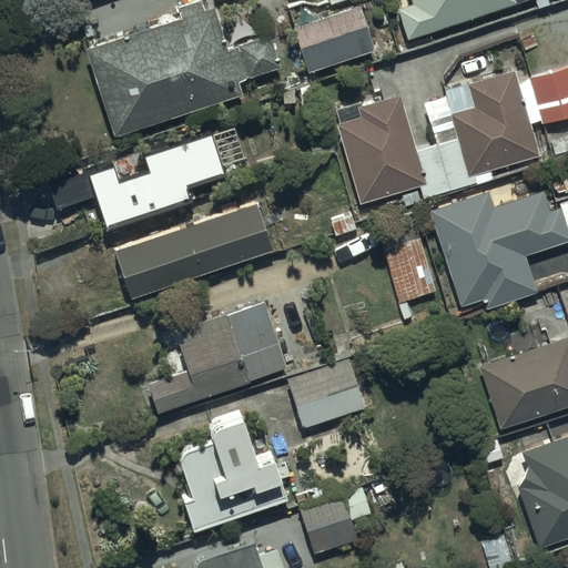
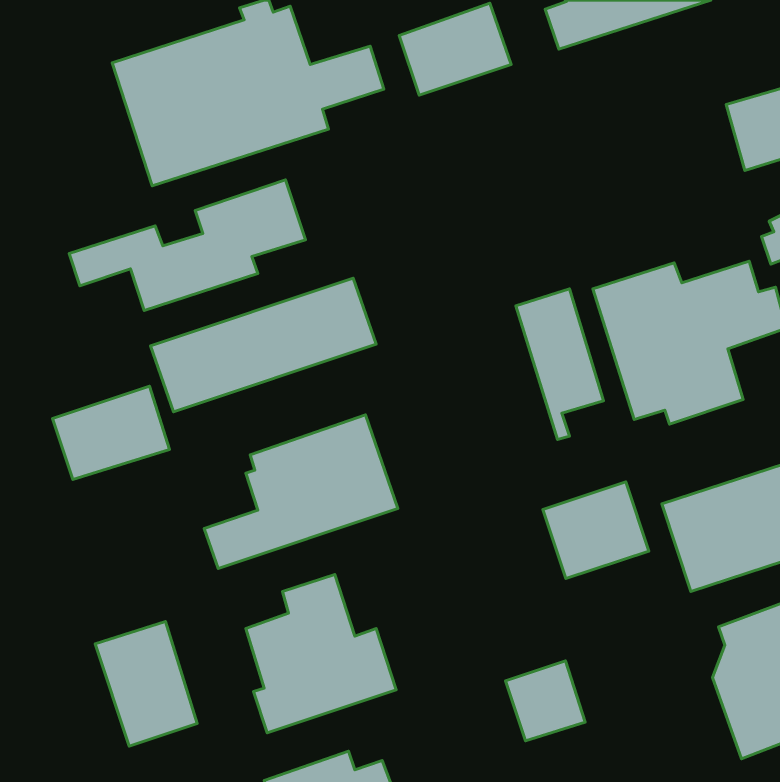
building: [335,71,539,203] -> none
building: none -> [52,386,170,480]
building: [290,359,366,429] -> [543,482,649,579]
building: none -> [95,622,197,746]
building: [300,496,357,554] -> [505,661,585,741]

